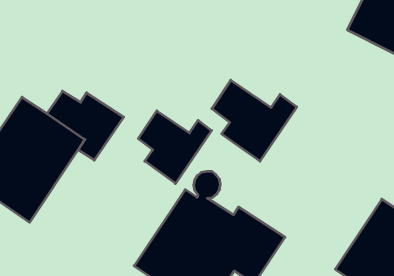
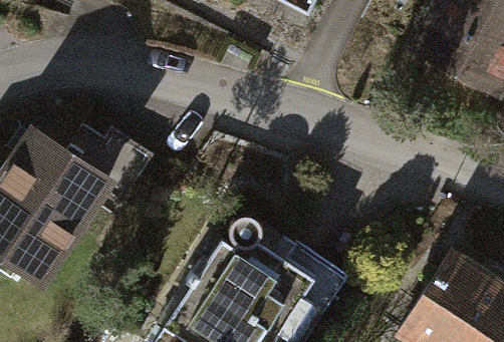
building: [212,80,297,161] -> none
building: [138,111,212,184] -> none

